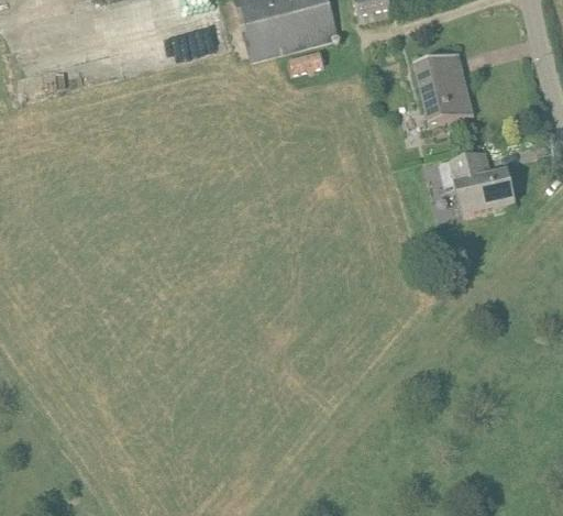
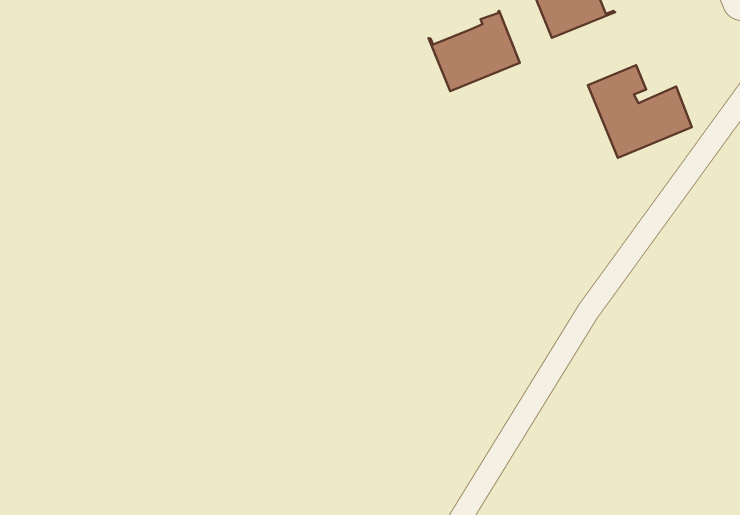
building: none -> [429,11,520,91]

